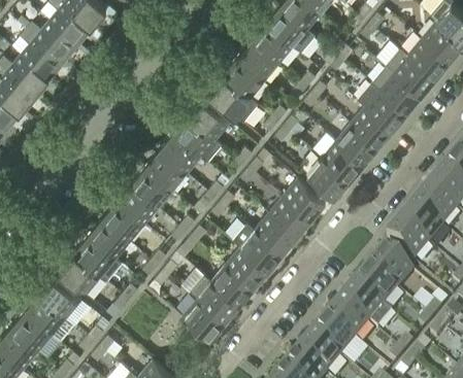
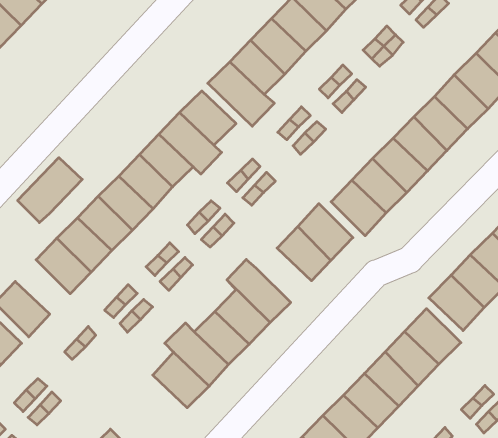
building: none -> [18,158,82,223]
building: [254,211,296,251] -> none
building: [72,234,114,274] -> none

